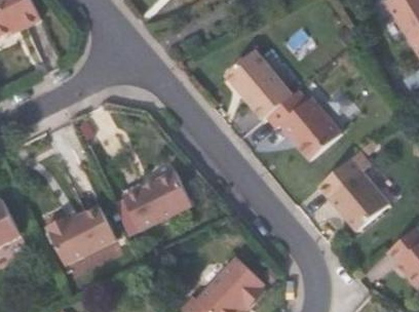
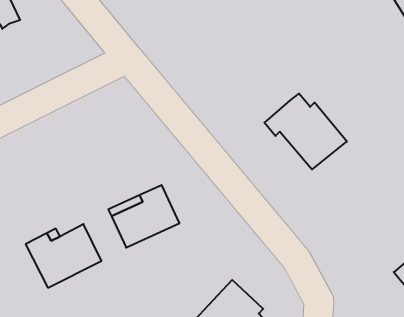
building: [222,49,289,118] -> none
building: [316,151,387,230] -> none

